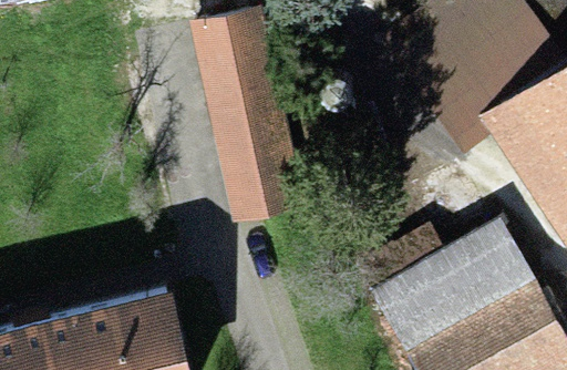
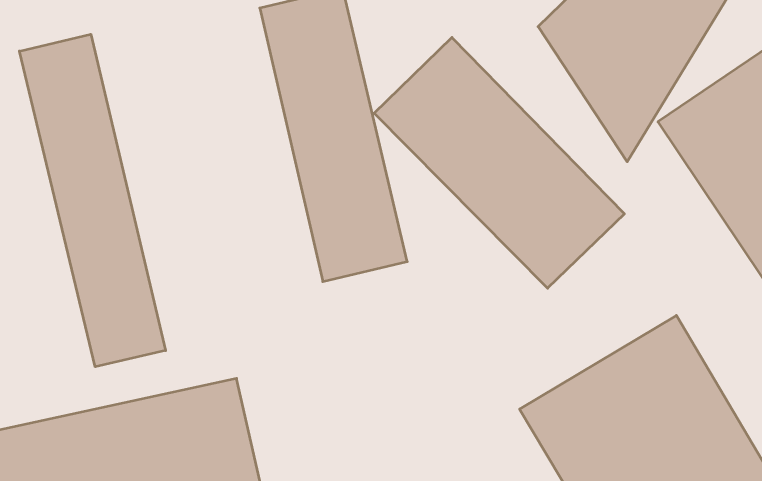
building: none -> [19,34,166,367]
building: none -> [374,37,624,288]

